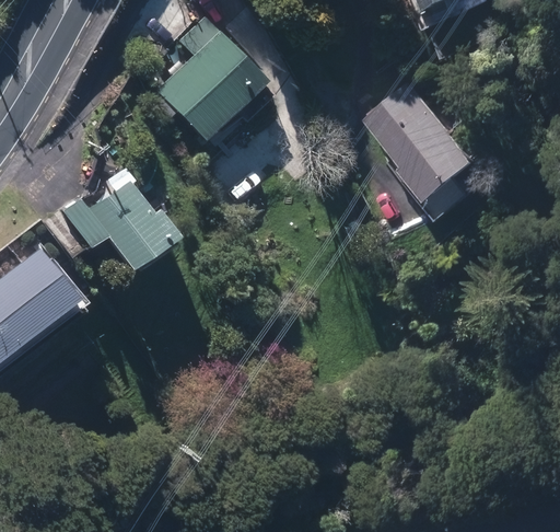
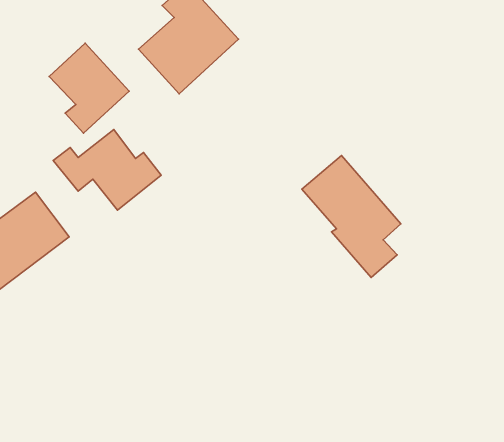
building: [375,85,485,220] -> [302,155,401,278]
building: none -> [49,43,129,133]

